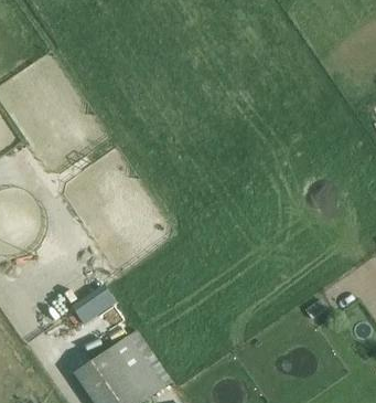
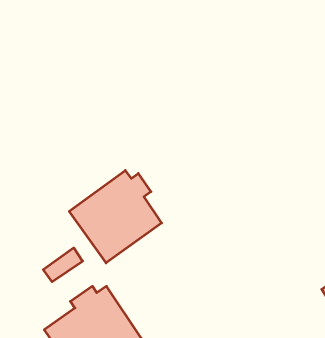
building: none -> [69,170,162,263]

